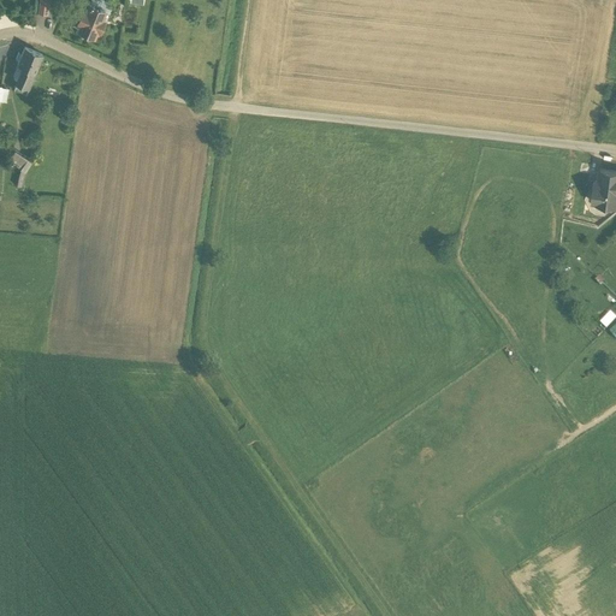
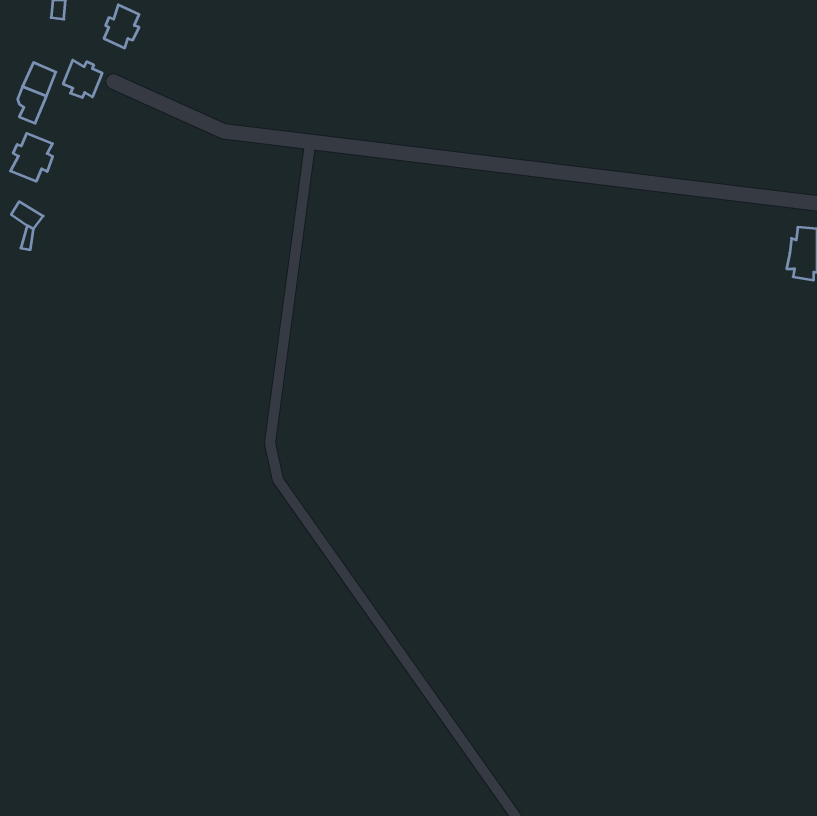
building: none -> [63,60,102,98]
building: none -> [10,133,53,181]

